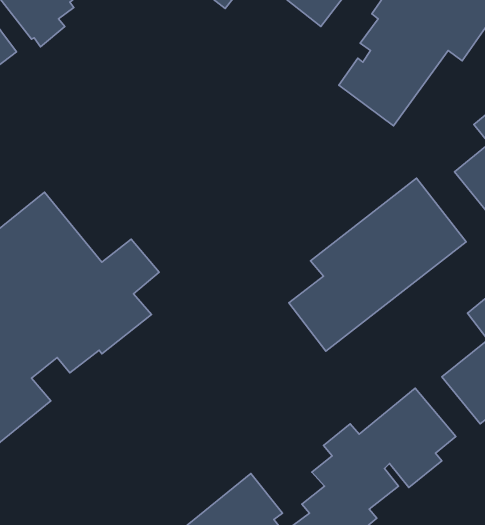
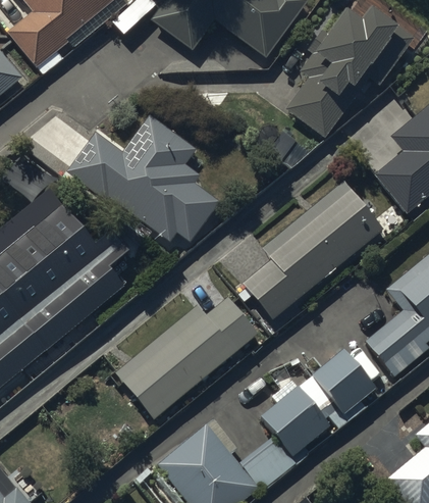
building: none -> [64,113,220,243]
building: none -> [113,294,259,419]

